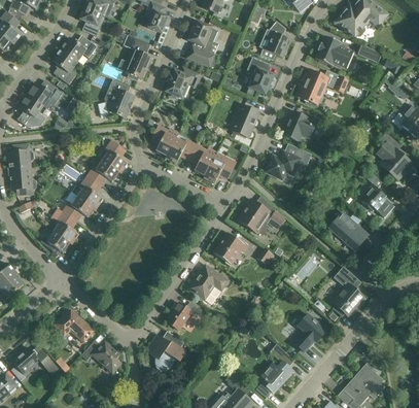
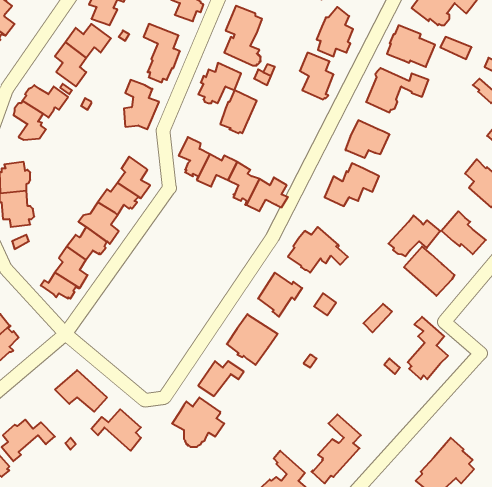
building: [231,103,259,137] -> [220,90,257,133]
building: none -> [388,215,440,256]
building: [292,313,325,351] -> none

